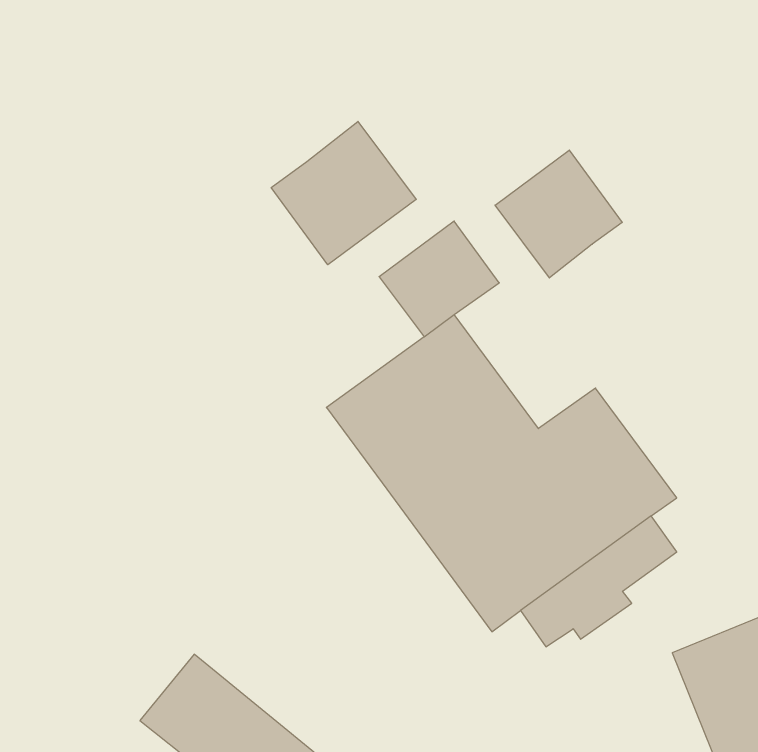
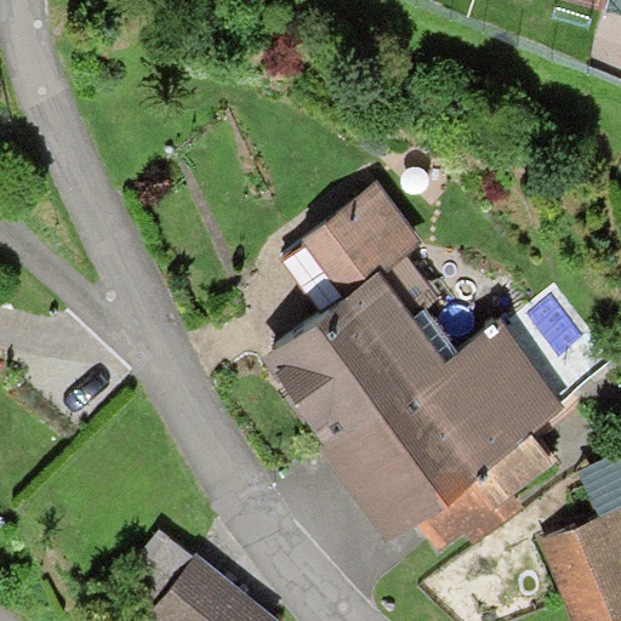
building: [271,121,416,265] -> none
building: [495,150,622,278] -> none

